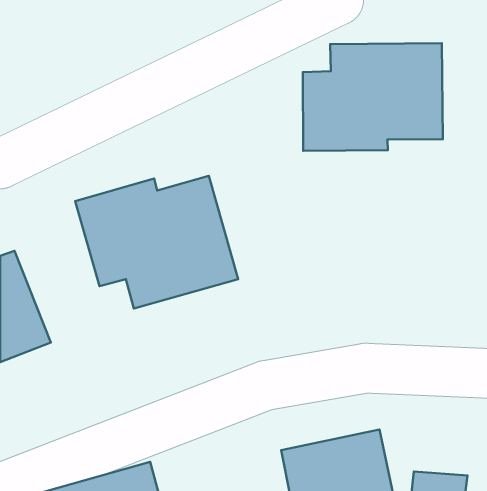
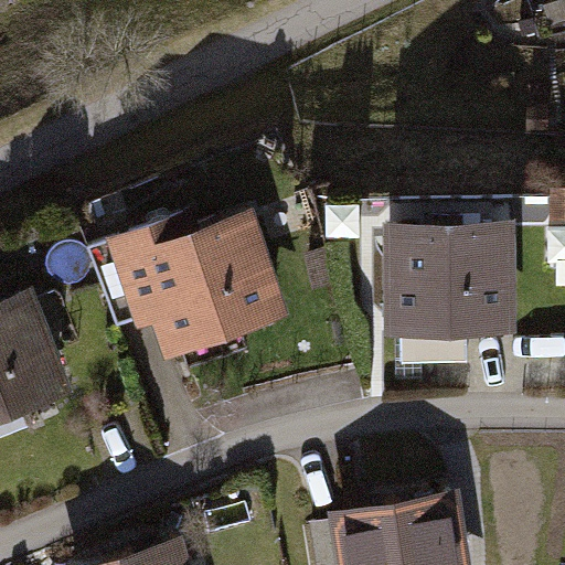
building: [303,43,443,151] -> none
building: none -> [380,222,519,341]

